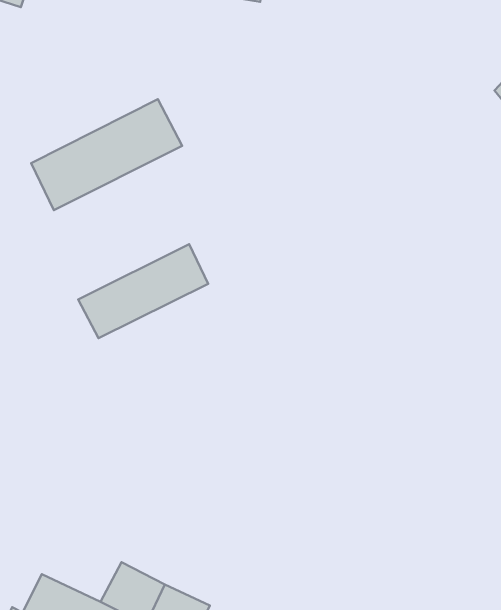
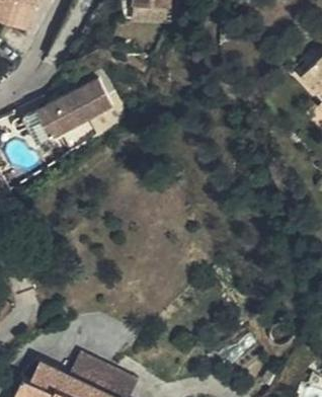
building: [78,244,208,338] -> none

